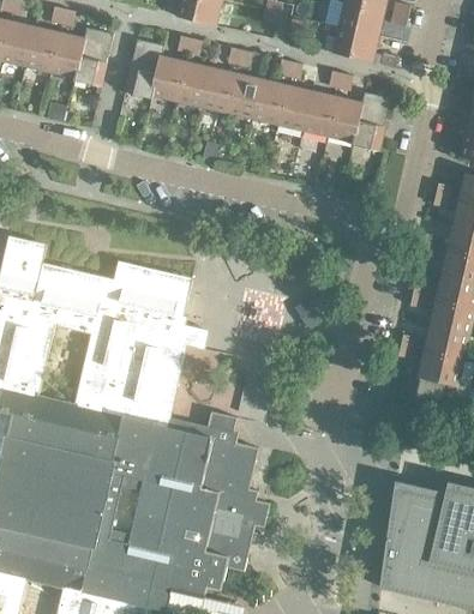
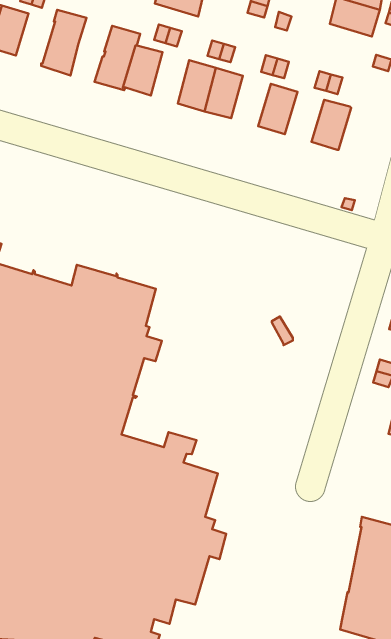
building: [332,25,379,61] -> none
building: [50,31,85,77] -> none
building: [178,60,211,107] -> none
building: [253,78,288,124] -> none
building: [304,90,338,136] -> none
building: [352,91,391,150] -> none

